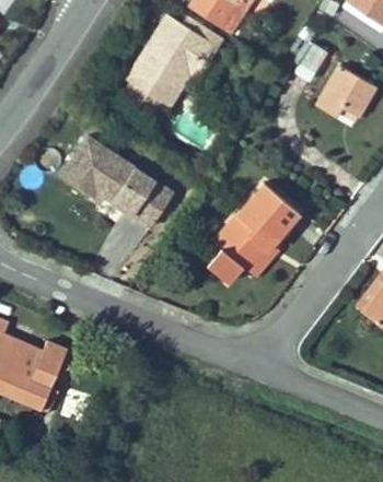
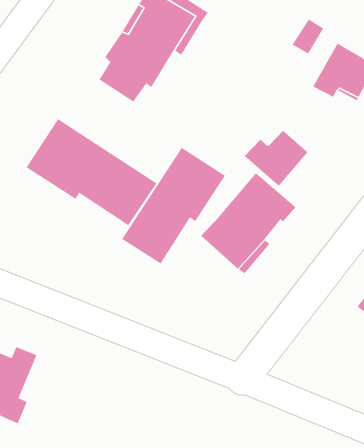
building: none -> [244,130,309,187]
building: none -> [121,147,226,264]

